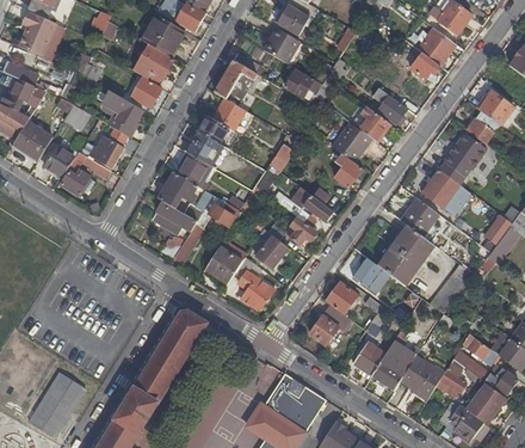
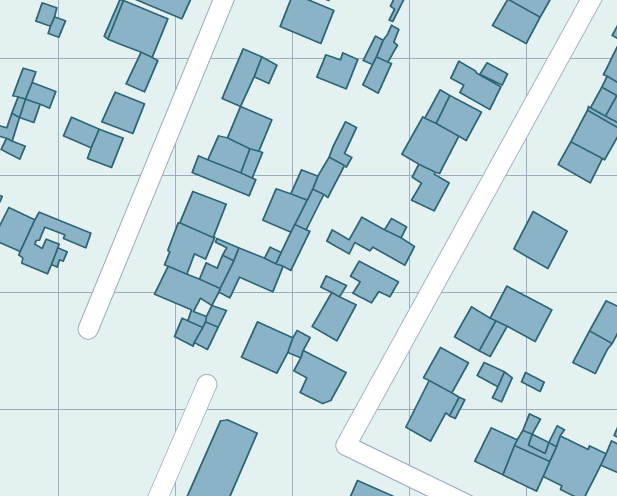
building: [134,45,162,86] -> none
building: [86,130,128,170] -> none
building: [421,168,459,208] -> none
building: [391,228,433,268] -> none

